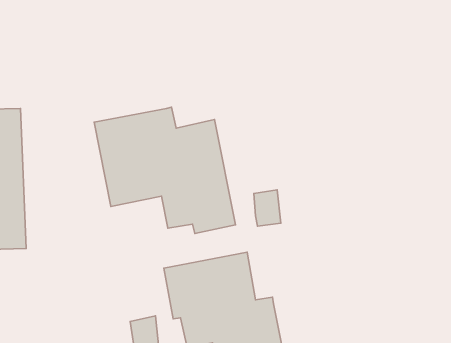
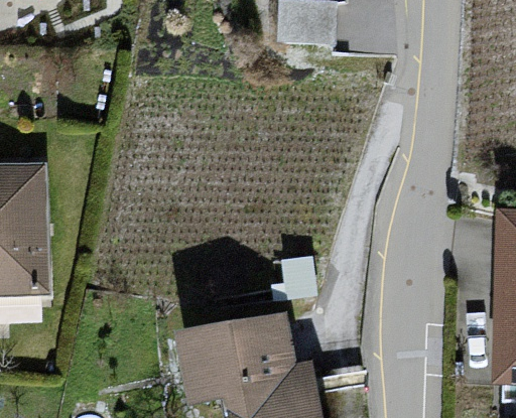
building: [94,107,236,234] -> none

